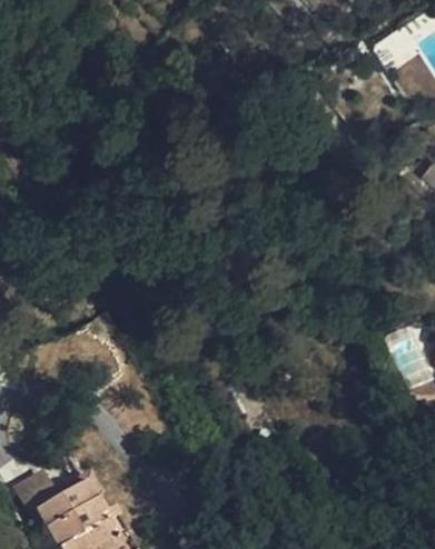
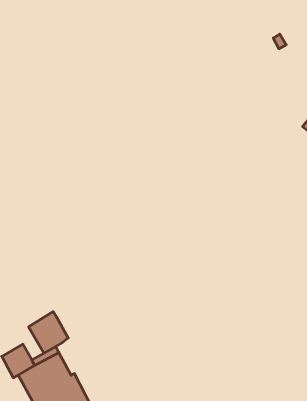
building: none -> [29,312,68,353]

